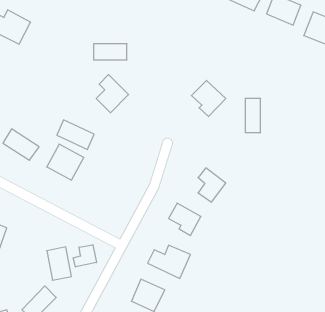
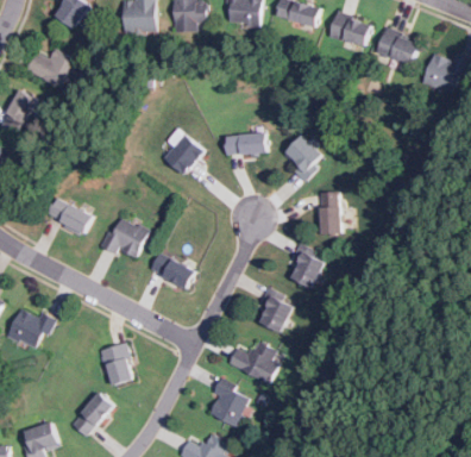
building: [94,44,127,60] -> [224,134,265,155]
building: [245,98,261,133] -> [320,193,339,236]
building: [57,120,94,150] -> [149,252,195,289]
building: [73,245,96,267] -> none

